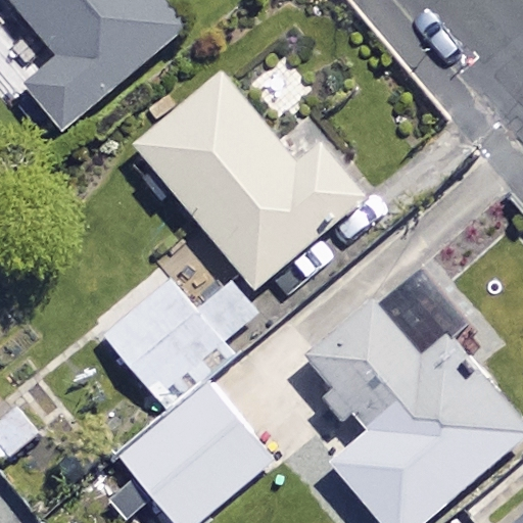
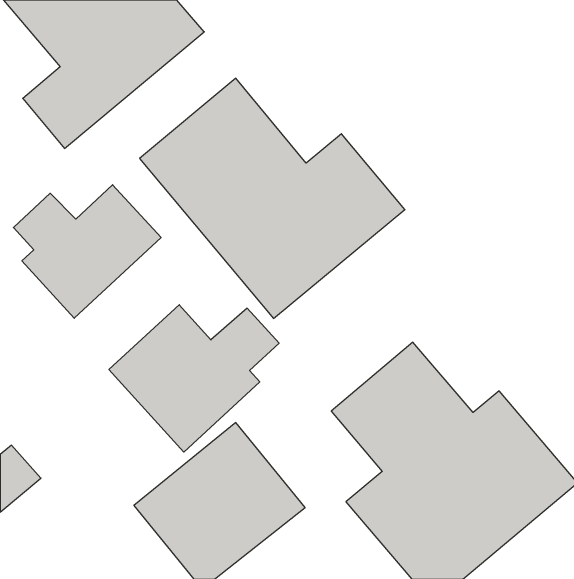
building: none -> [13,185,161,318]

